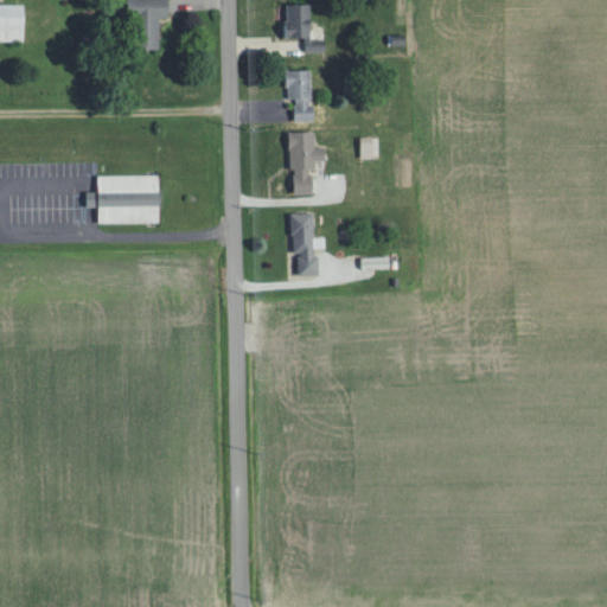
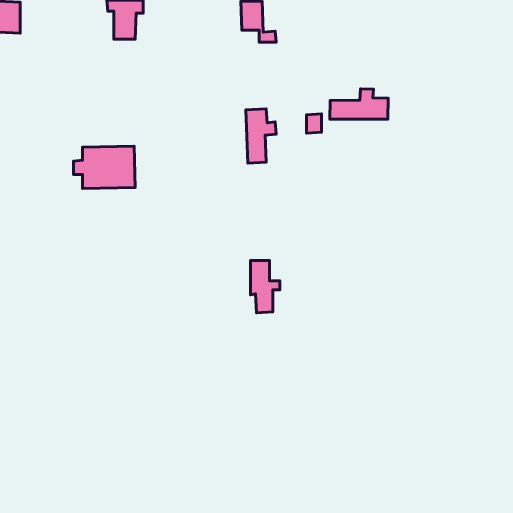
building: [286,70,314,122] -> none
building: none -> [330,89,388,119]
building: [290,213,325,275] -> [251,261,280,313]

